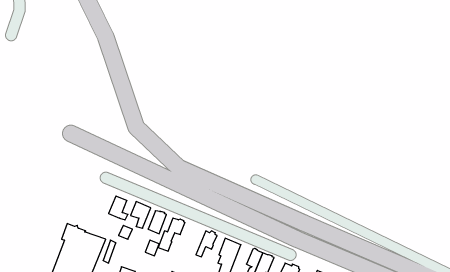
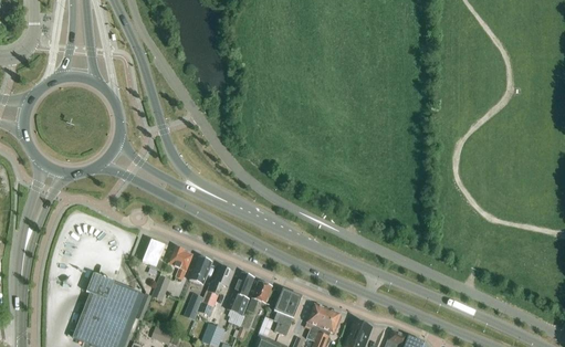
building: none -> [229,275,255,317]

